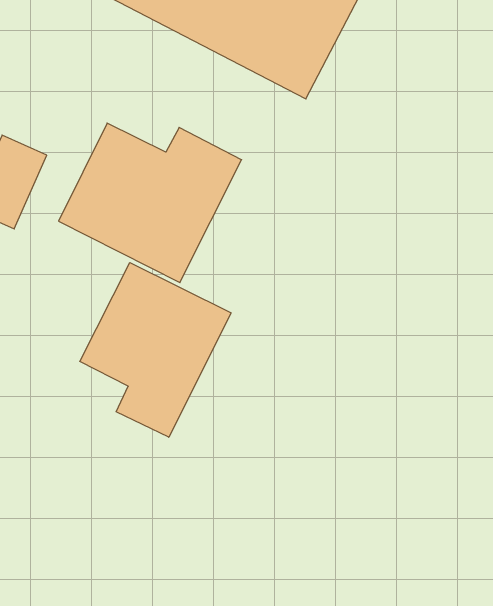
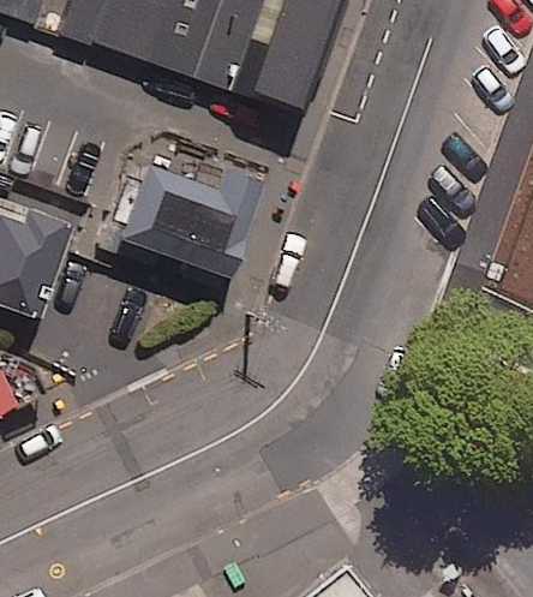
building: [80,263,231,437] -> none

